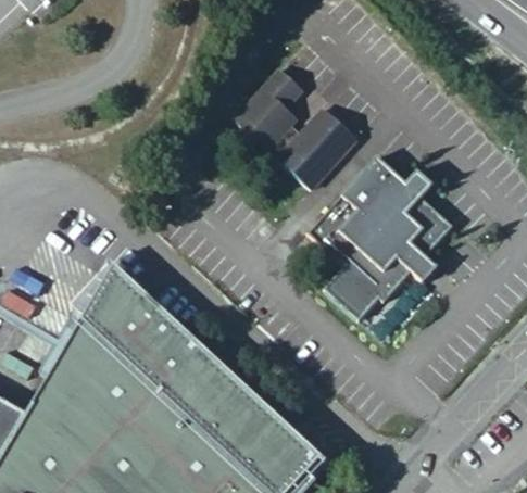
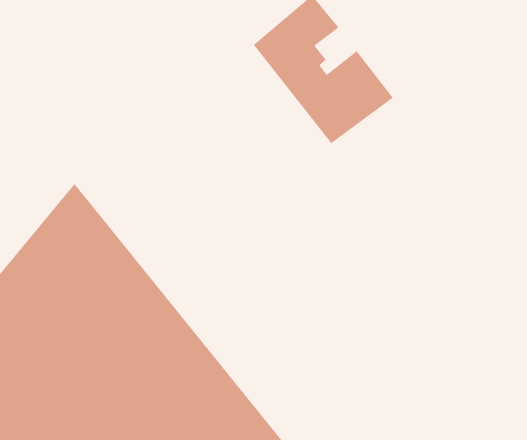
building: [310,161,451,315] -> none

